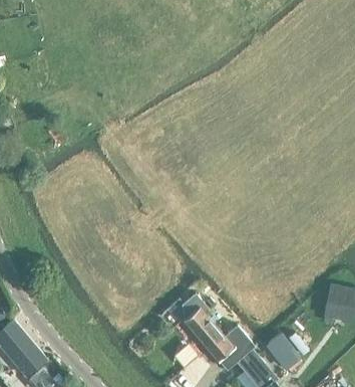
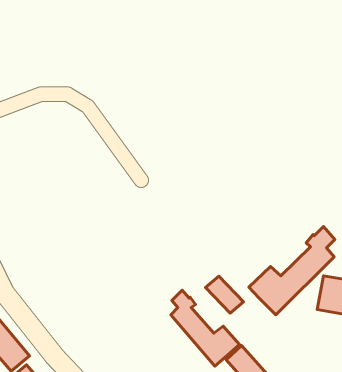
building: none -> [249,226,335,315]
building: [266,334,303,370] -> [206,276,243,313]

